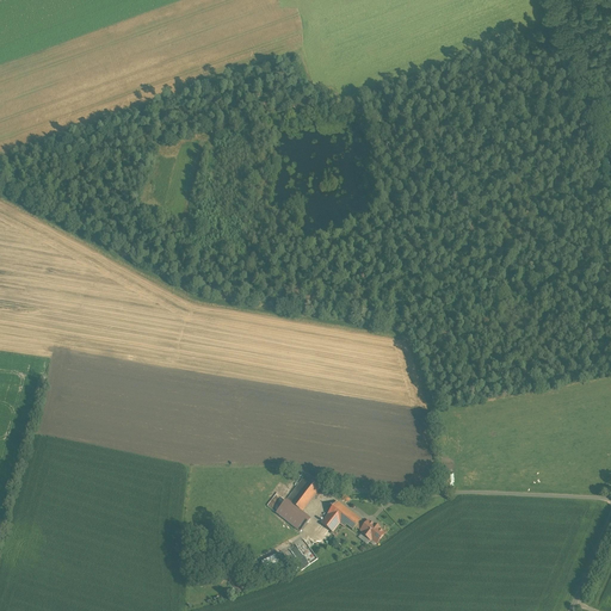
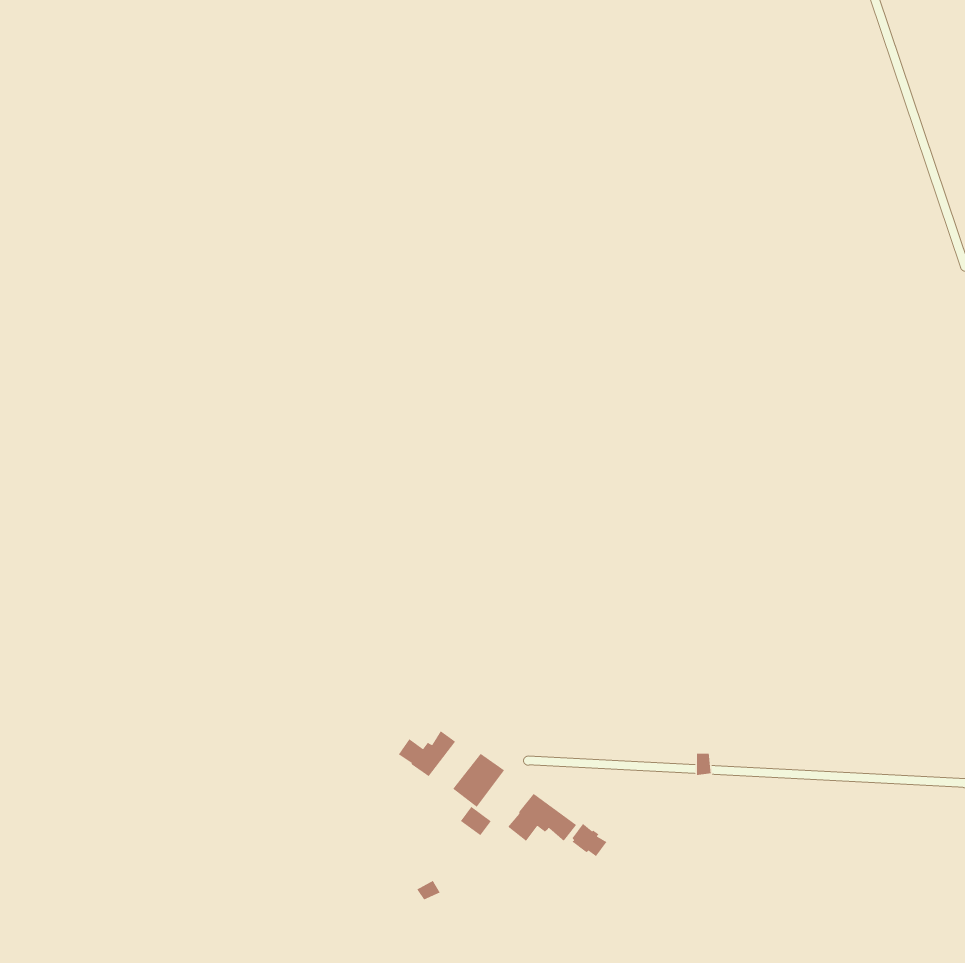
building: none -> [398,730,456,777]

